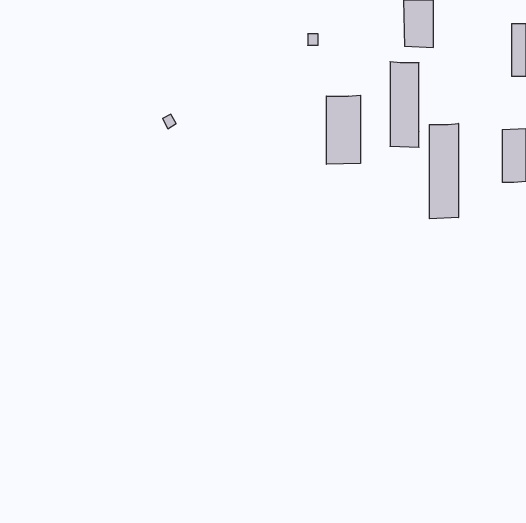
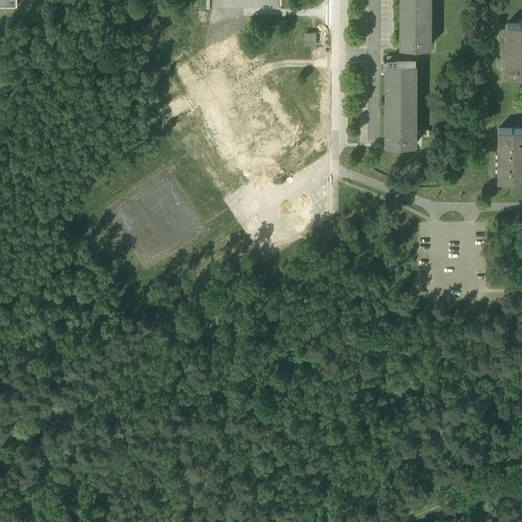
building: [326,95,360,164] -> none
building: [429,123,458,219] -> none

